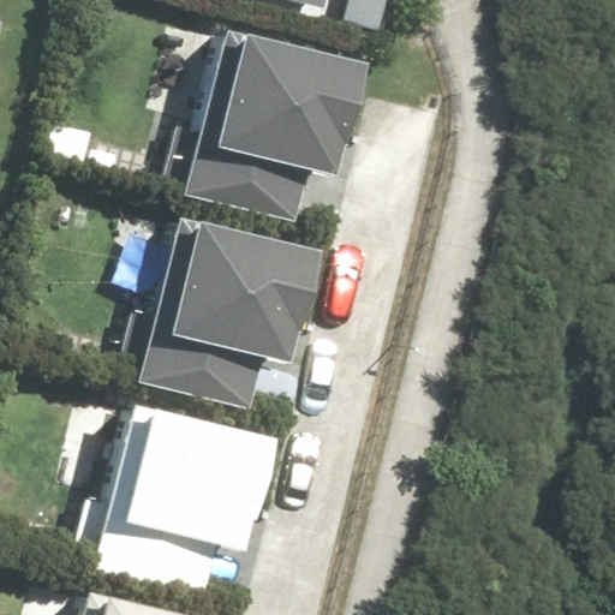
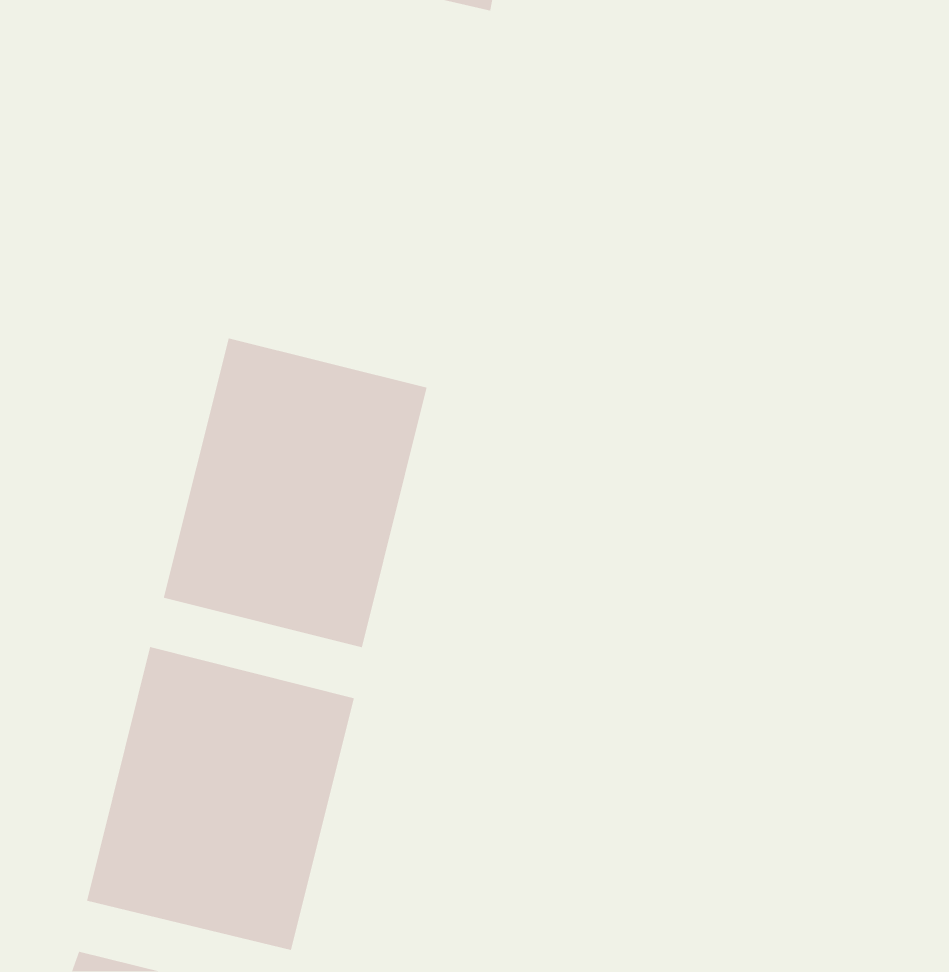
building: [172,30,332,219] -> none

